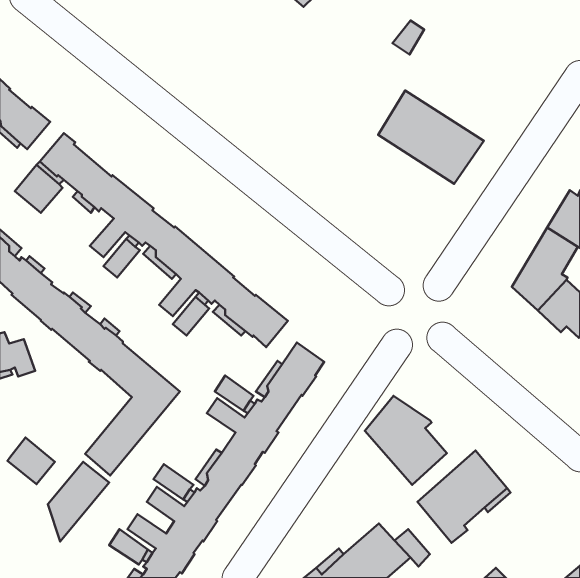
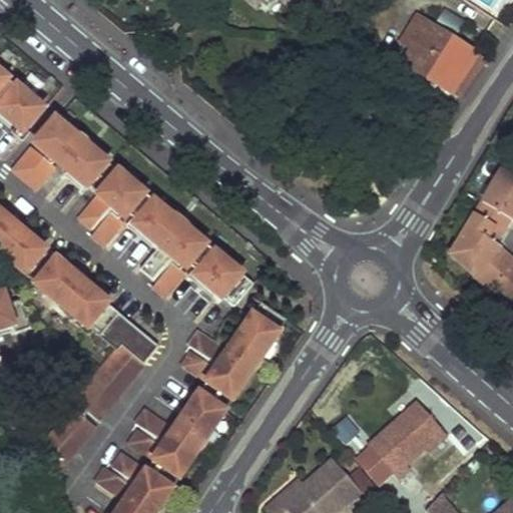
building: [378,91,484,184] -> [393,14,486,96]
building: [365,396,447,485] -> none
building: [7,437,55,484] -> none

